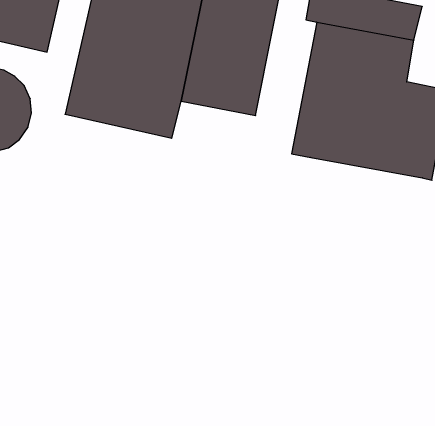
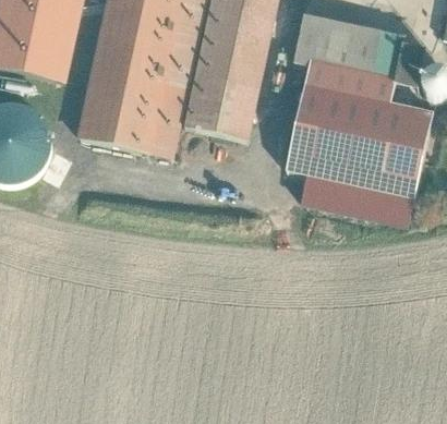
building: none -> [298,174,404,222]

